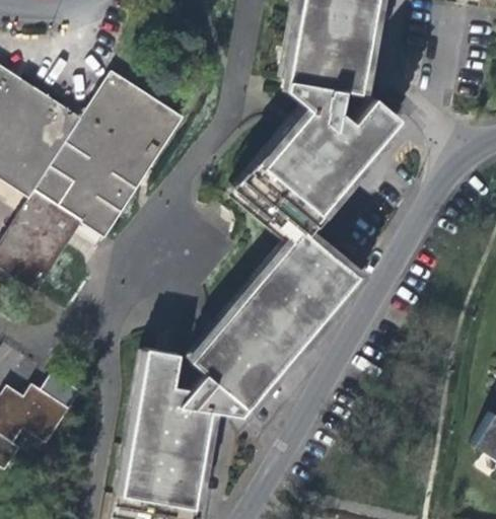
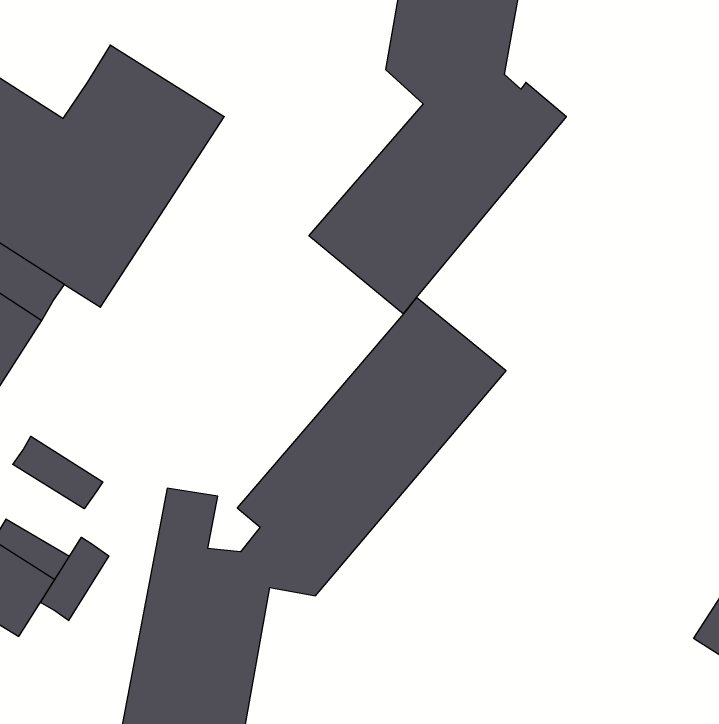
building: none -> [13,436,103,509]
building: none -> [40,537,109,621]

